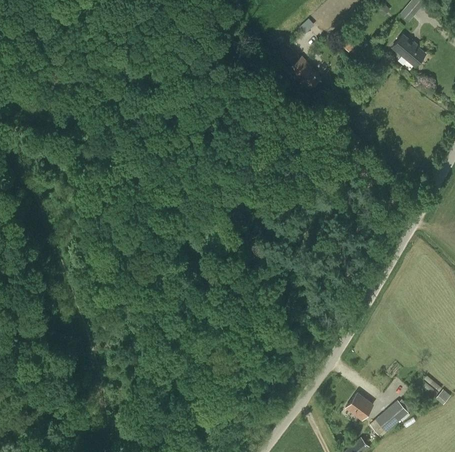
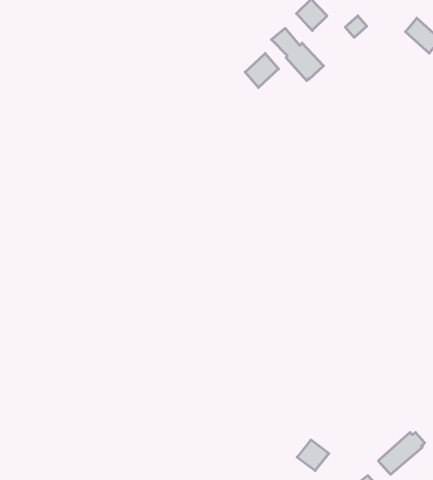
building: none -> [245,53,279,88]
building: [345,393,373,420] -> [297,440,329,471]

